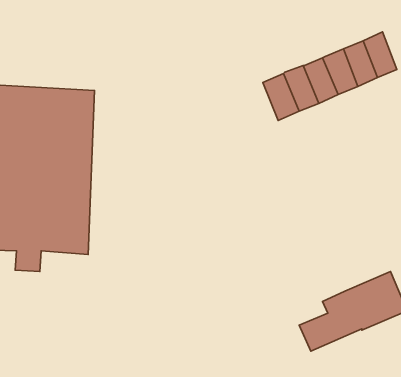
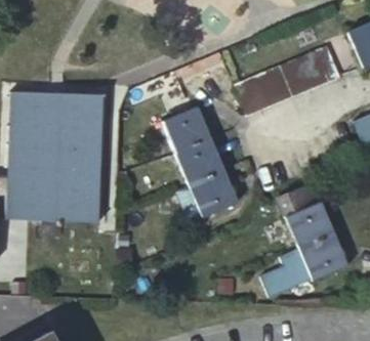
building: none -> [162,104,239,217]
building: none -> [279,187,337,251]

